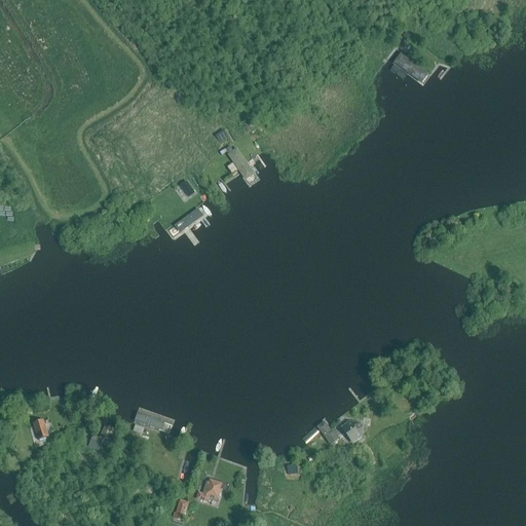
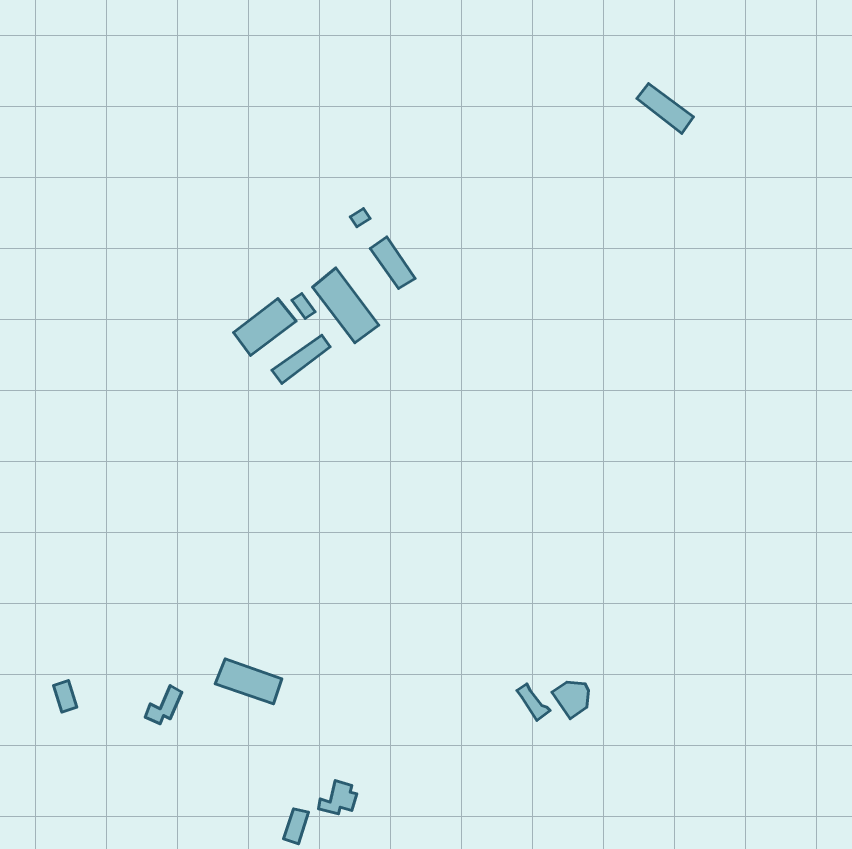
building: none -> [313,268,379,343]
building: none -> [234,299,296,355]

